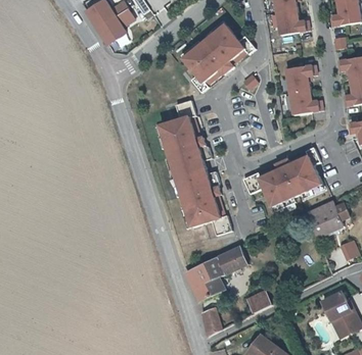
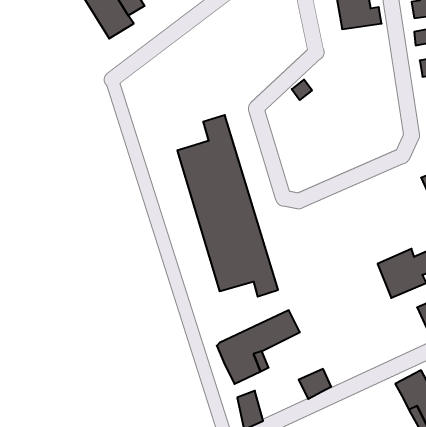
building: [185,21,256,91] -> none
building: [286,63,323,116] -> none
building: [243,146,326,208] -> none

